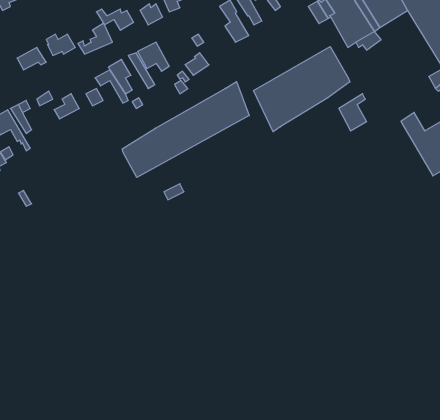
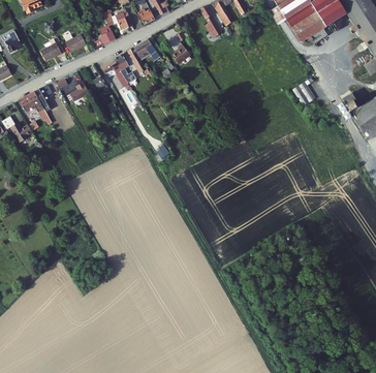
building: [253,47,350,132] -> none
building: [122,82,249,177] -> none

